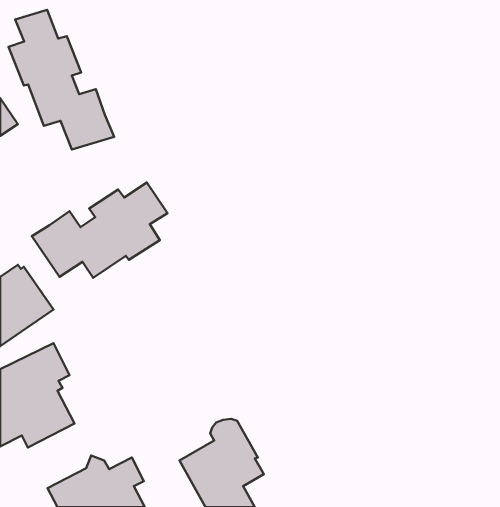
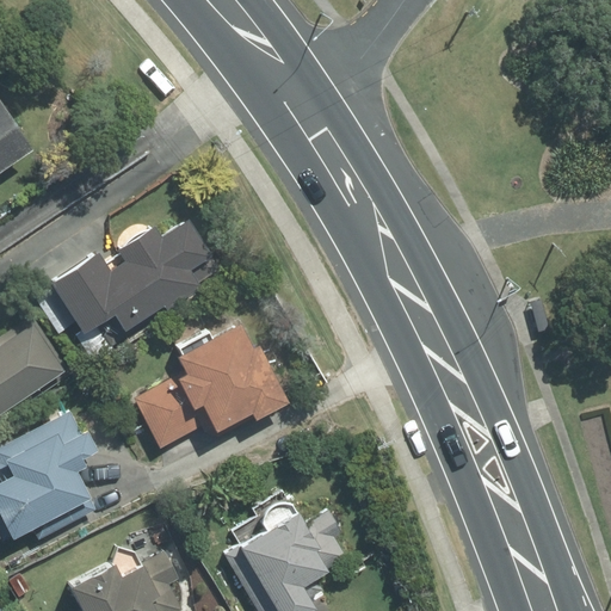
building: [9,10,114,150] -> none
building: none -> [137,323,286,445]

